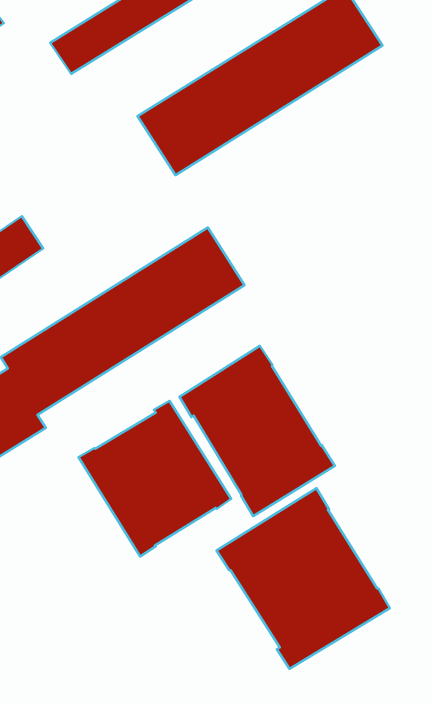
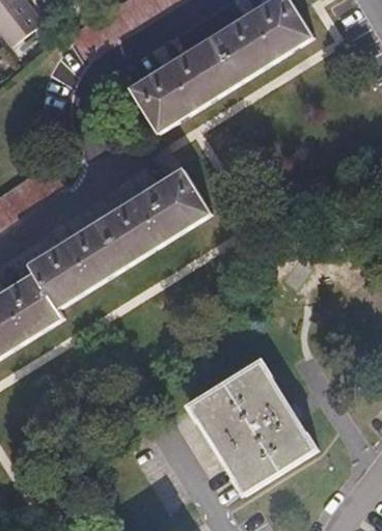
building: [179,346,335,516] -> none
building: [79,401,231,556] -> none

